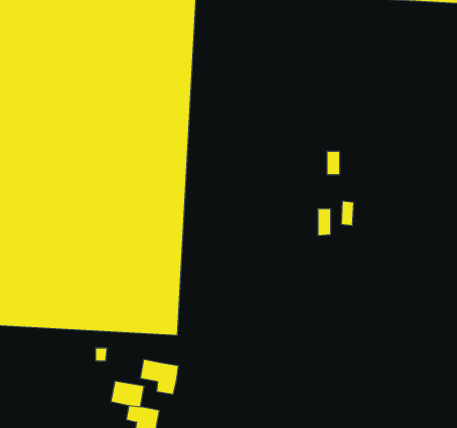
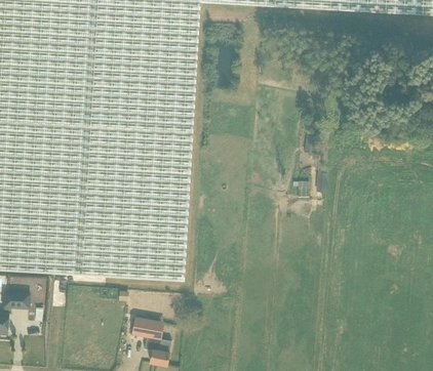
building: [141,359,178,395] -> none

